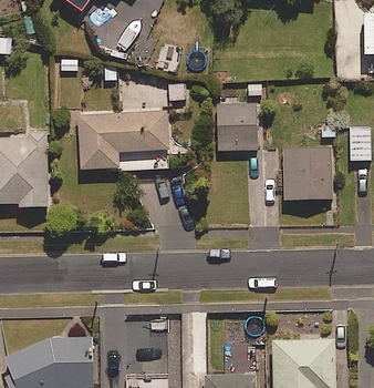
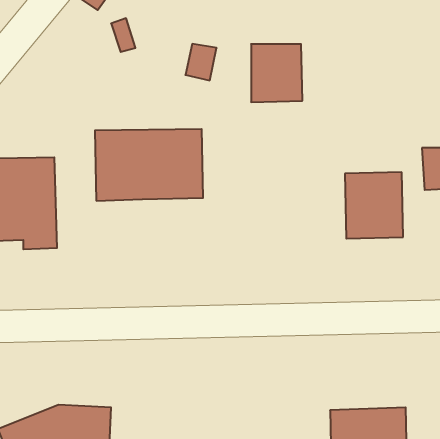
building: [215,103,257,151] -> [251,44,302,102]

